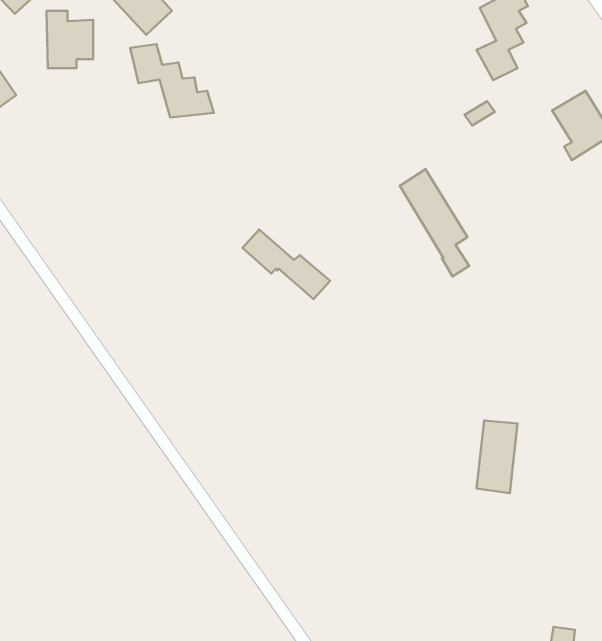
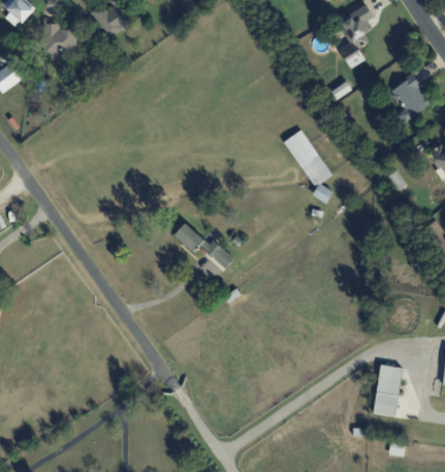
building: [130,44,214,118] -> none
building: [242,230,330,299] -> [172,222,232,270]
building: [477,421,517,493] -> [373,366,401,415]

